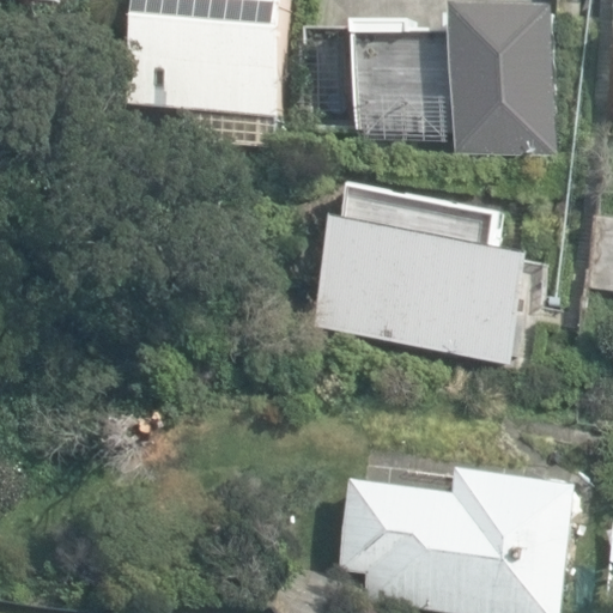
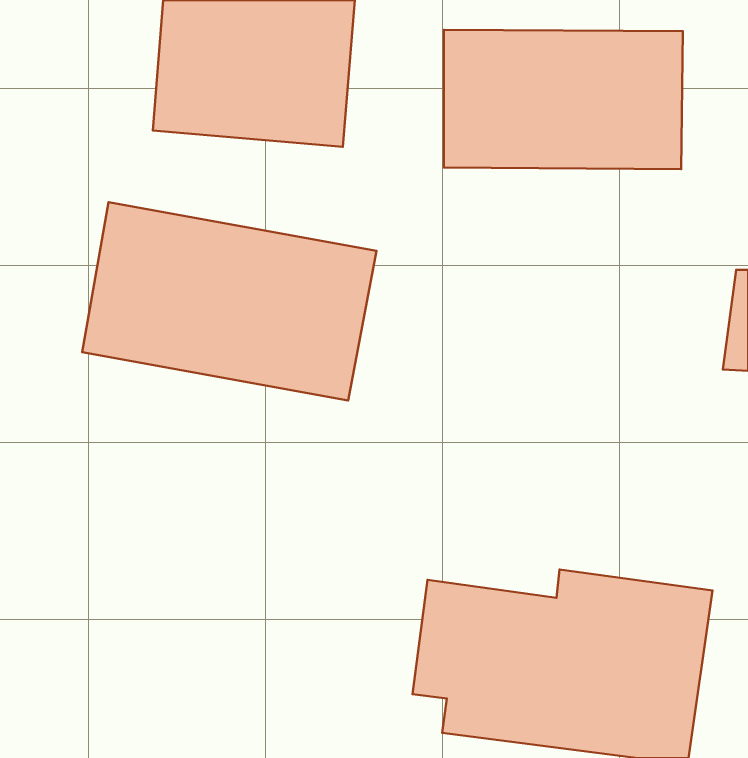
building: none -> [82,202,376,400]
building: [314,201,533,356] -> none

